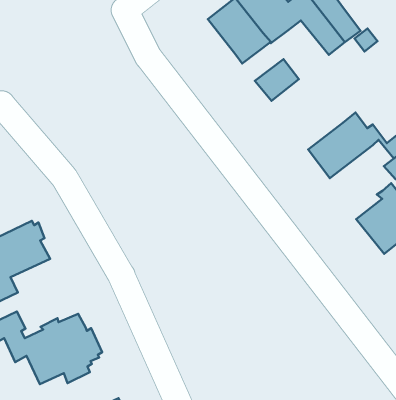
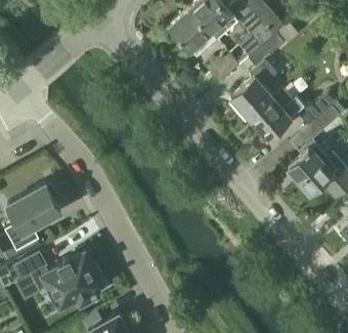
building: none -> [231,36,285,120]

